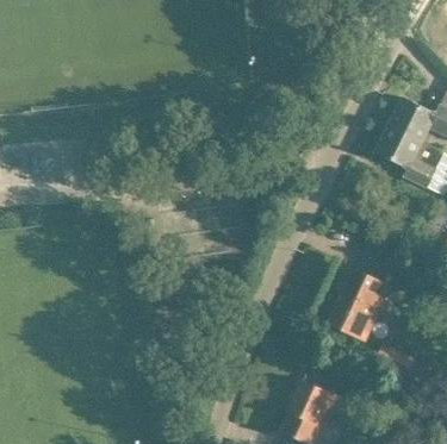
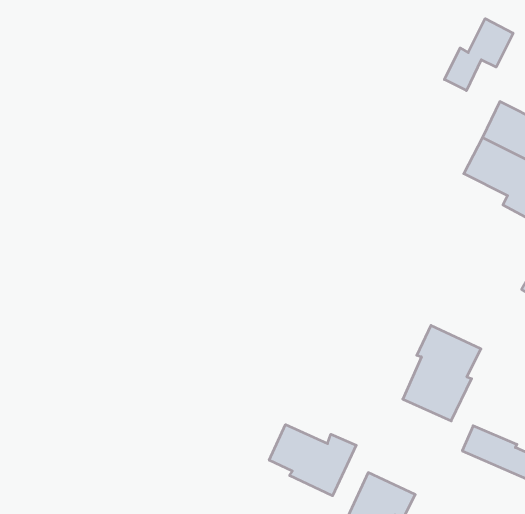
building: none -> [444,19,513,91]
building: none -> [269,425,356,496]

